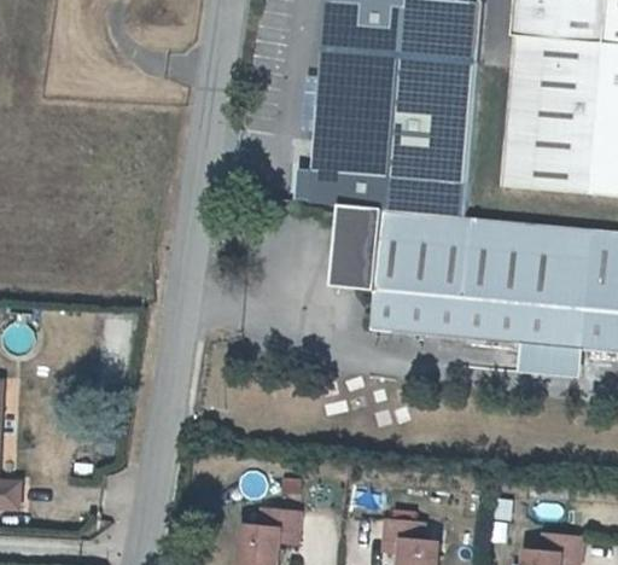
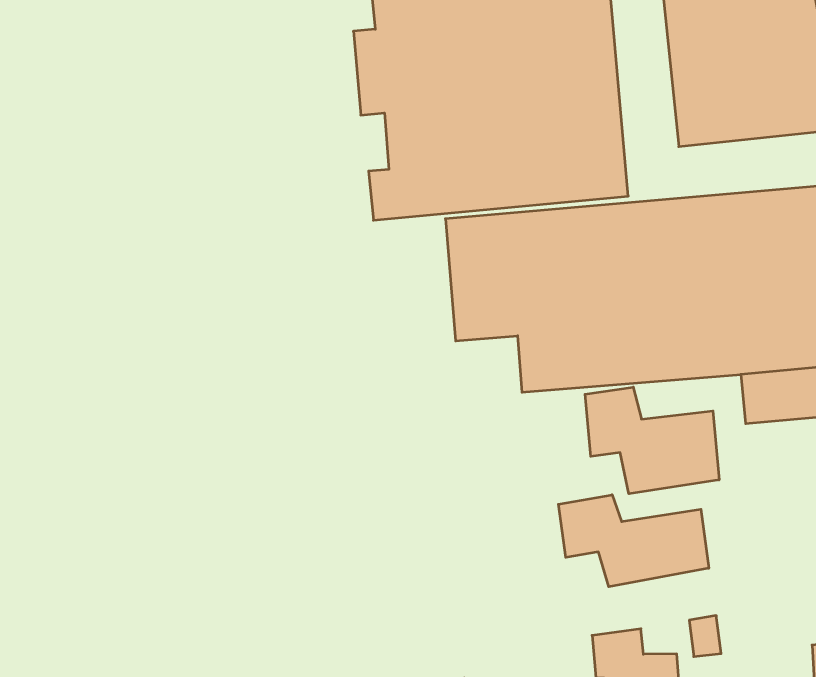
building: none -> [585,387,719,494]
building: none -> [558,495,709,587]

